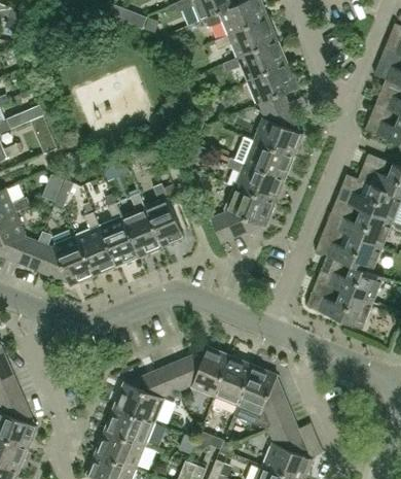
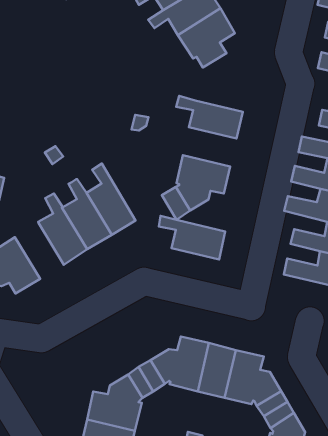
building: [253,104,302,158] -> none
building: [226,158,284,204] -> [159,216,225,259]
building: [76,212,115,276] -> none

